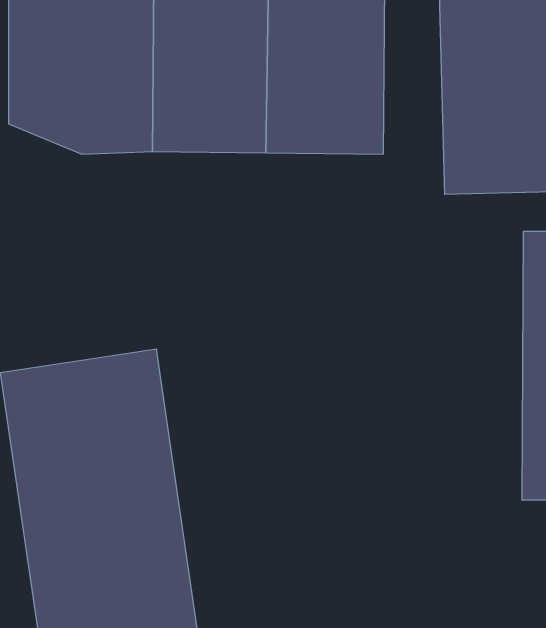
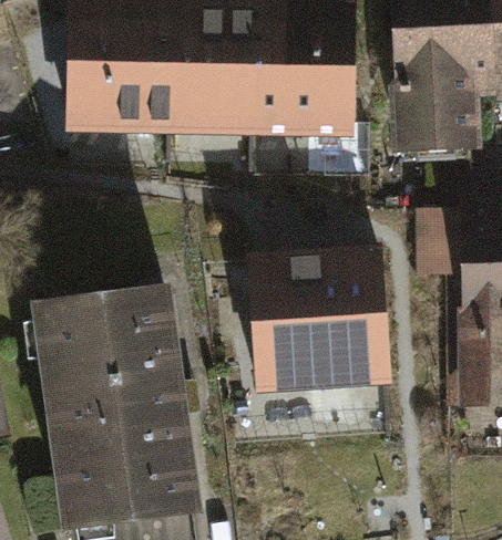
building: none -> [249,256,393,385]

